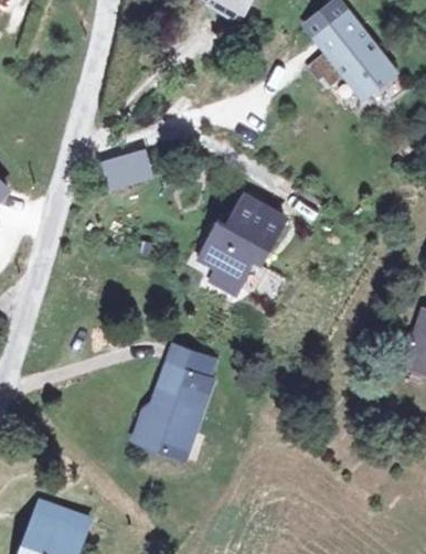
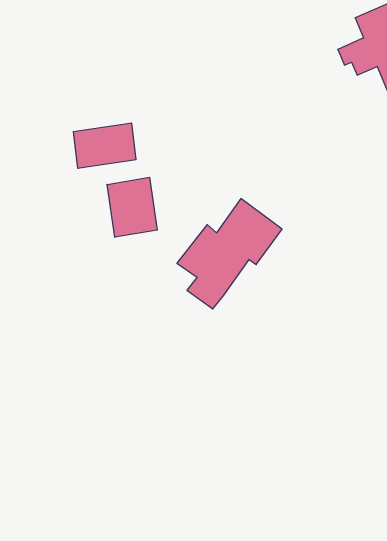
building: none -> [107,177,157,237]
building: [142,350,214,456] -> none

